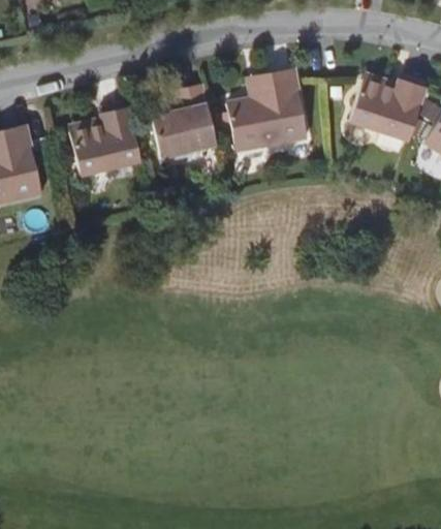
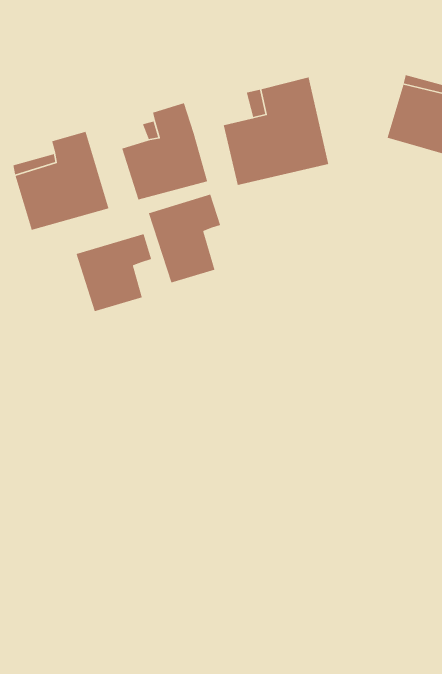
building: none -> [148,194,221,284]
building: none -> [76,233,152,312]

